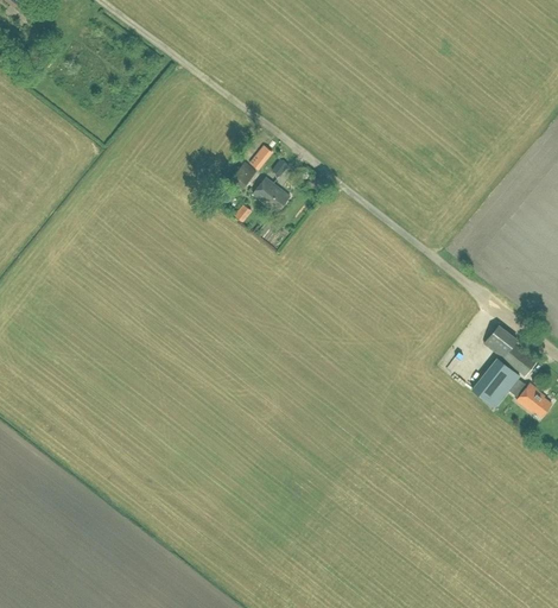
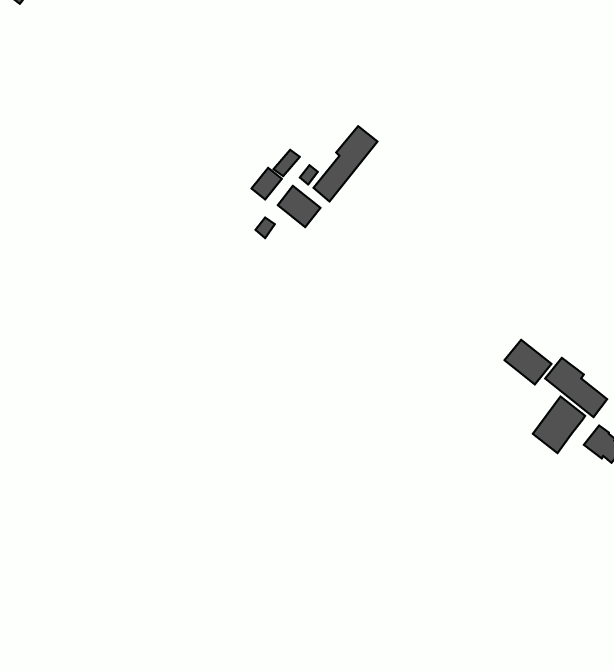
building: none -> [314,126,377,201]
building: none -> [505,340,552,385]

